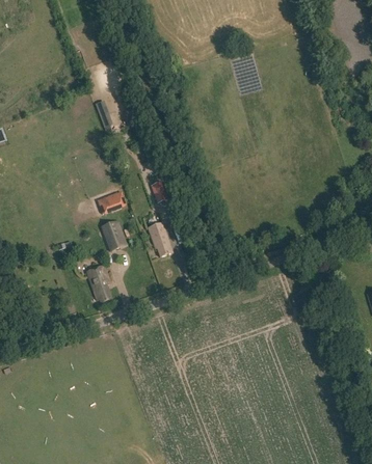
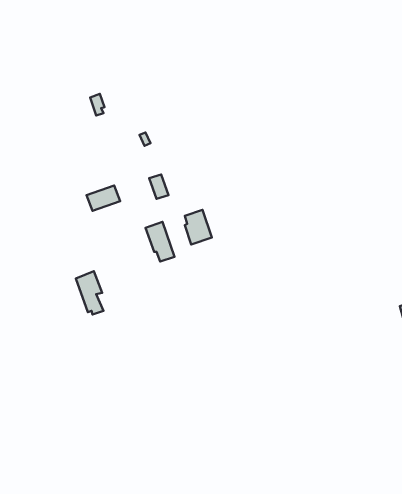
building: none -> [185,210,212,244]
building: [101,219,126,250] -> none

